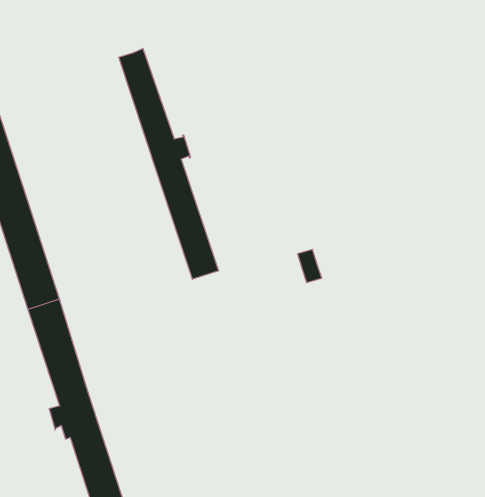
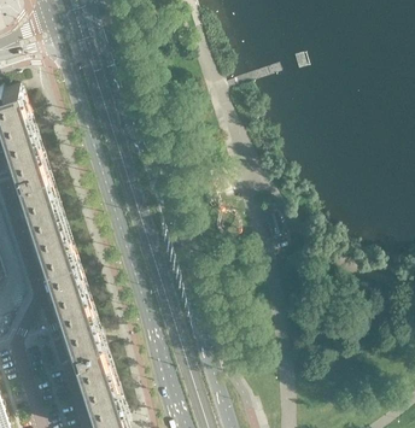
building: [119,48,218,279] -> none

